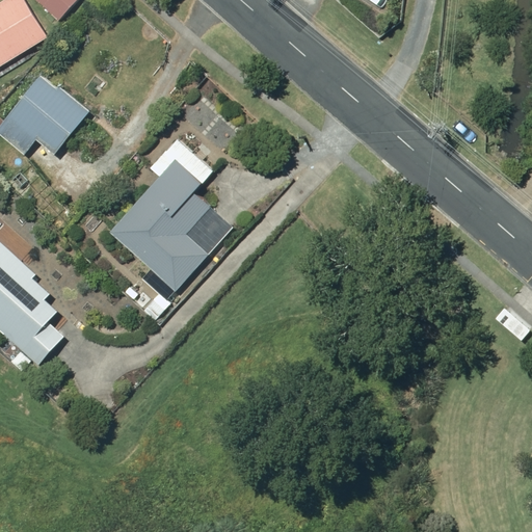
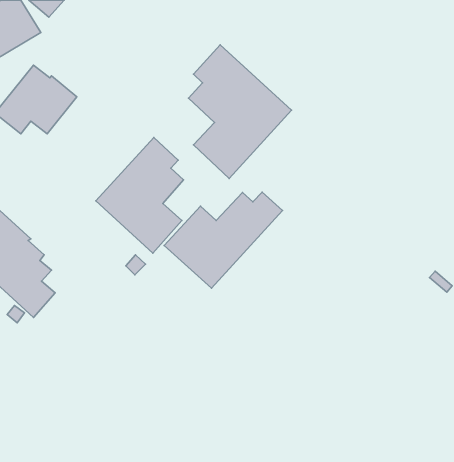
building: none -> [189,45,292,179]
building: none -> [164,192,282,288]

